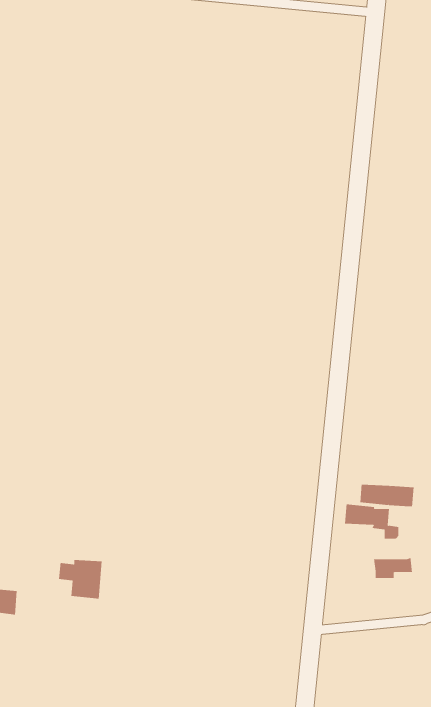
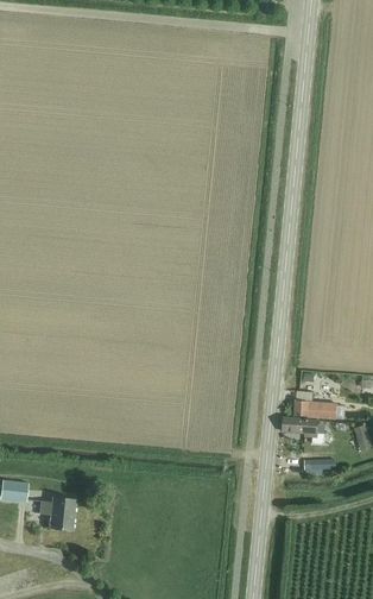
building: [58,560,102,599] -> [40,498,75,529]

